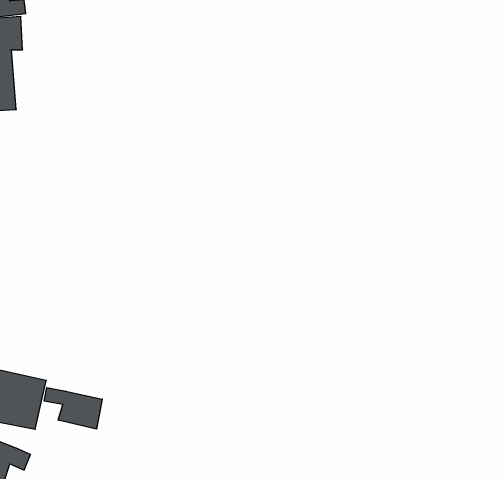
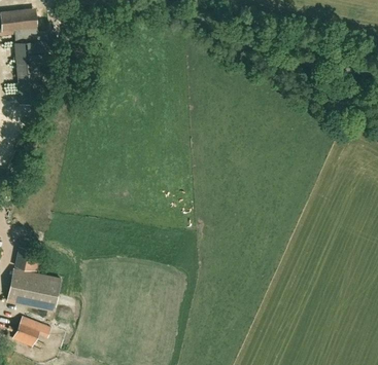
building: [44,388,102,429] -> none

